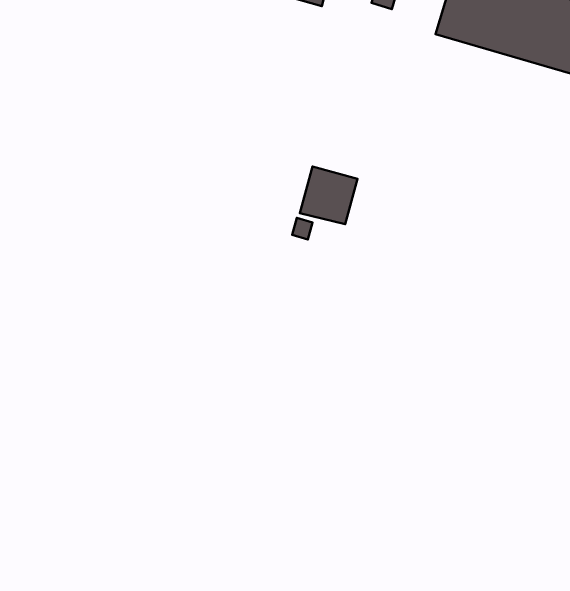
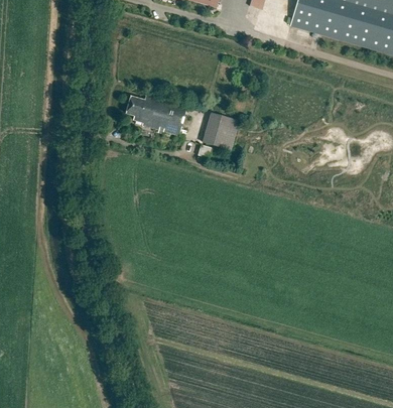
building: none -> [126,92,187,134]

